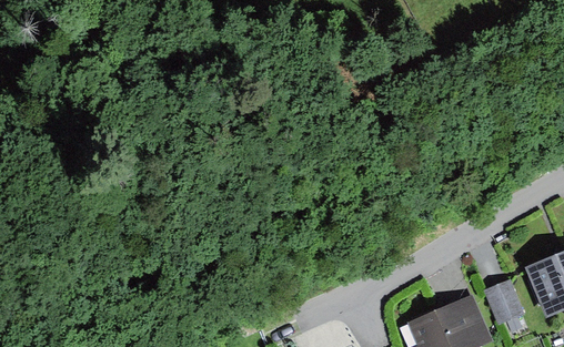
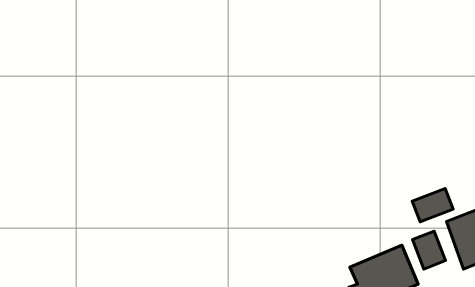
building: none -> [412,188,453,222]

